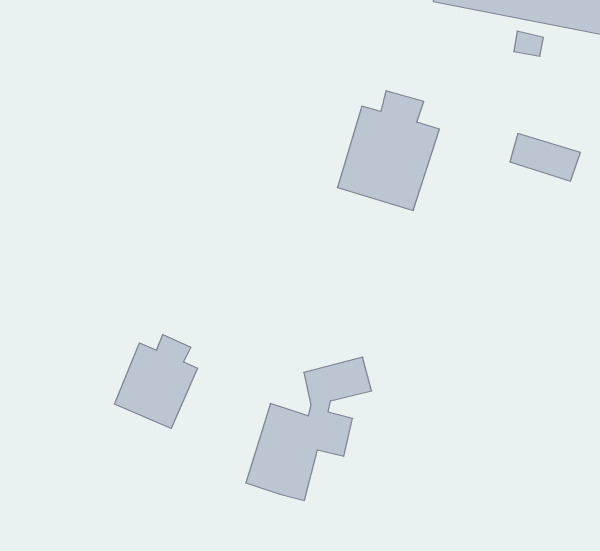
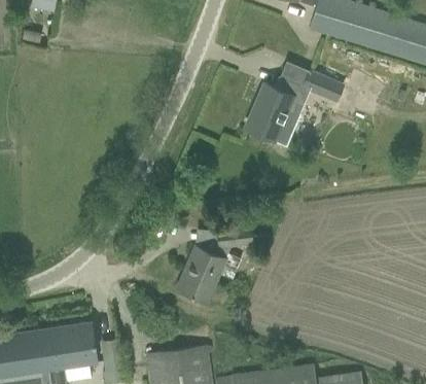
building: [510,134,580,181] -> [305,71,345,101]
building: [114,334,197,428] -> none

